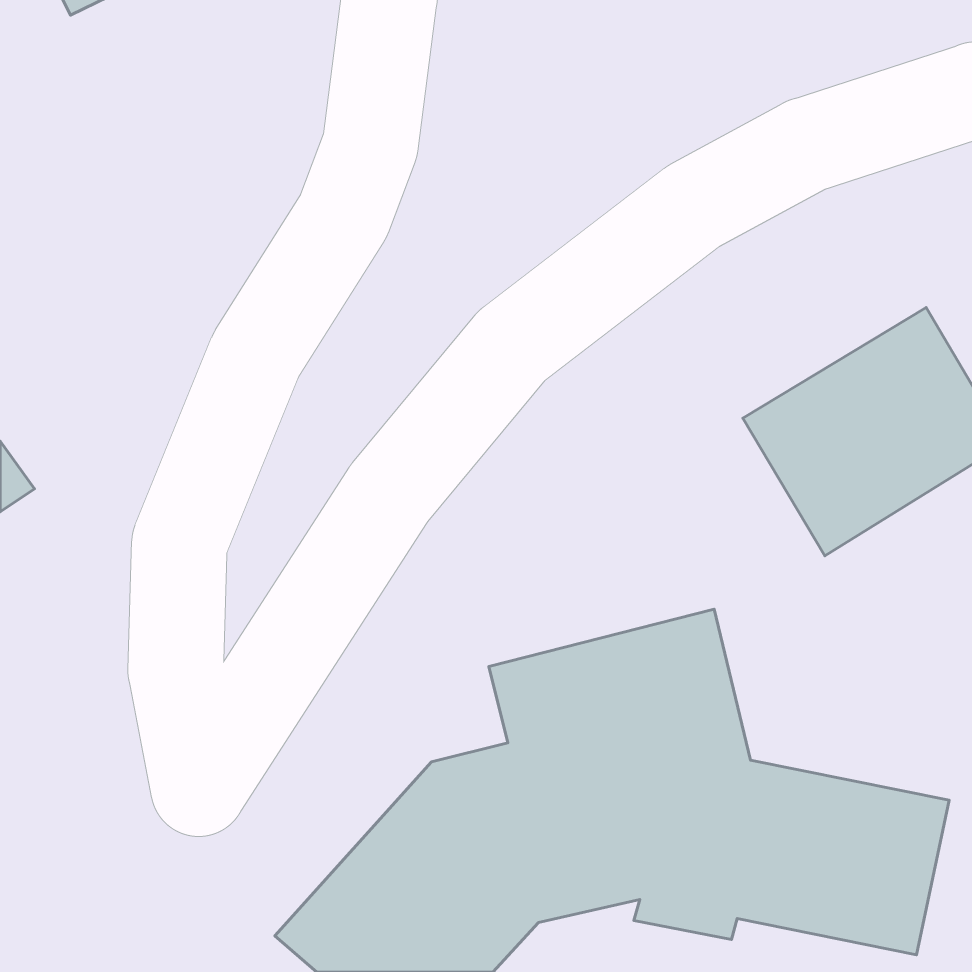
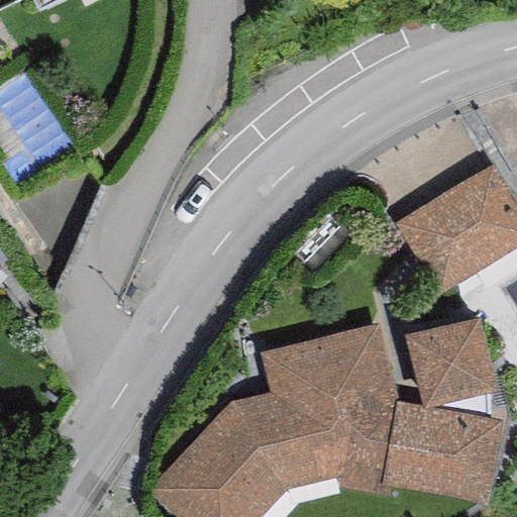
building: none -> [407,315,498,405]

